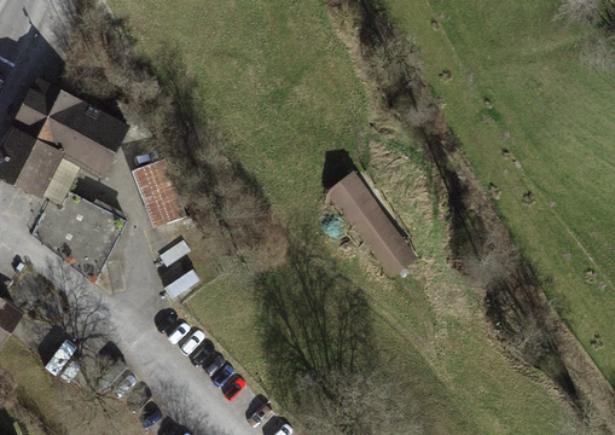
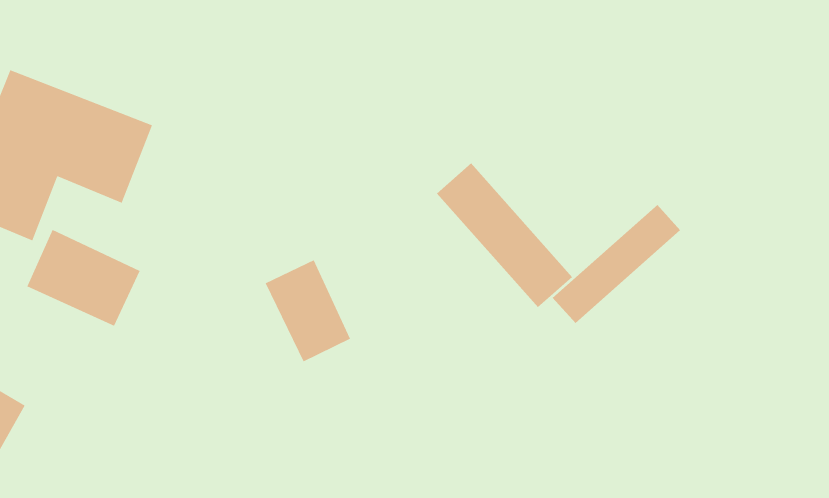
building: [128,157,185,228] -> [265,260,351,362]
building: none -> [552,204,681,324]

